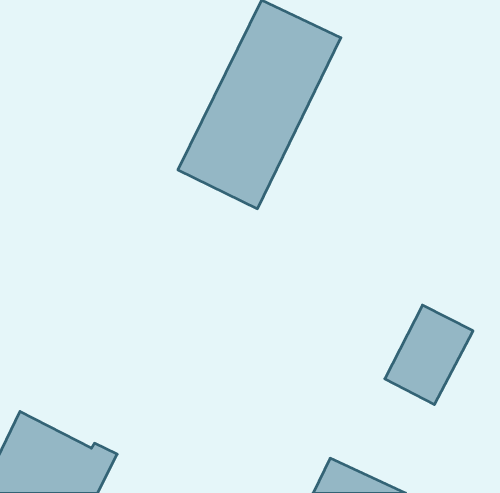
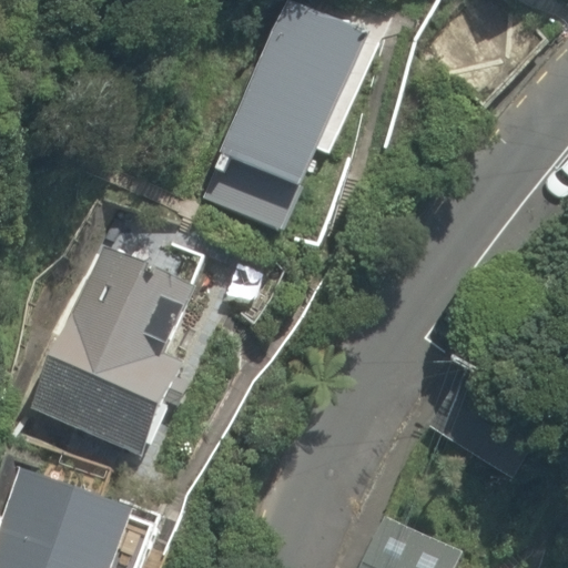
building: none -> [23,252,206,475]

